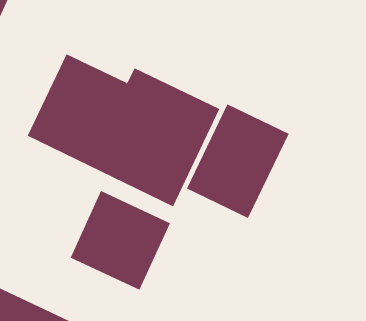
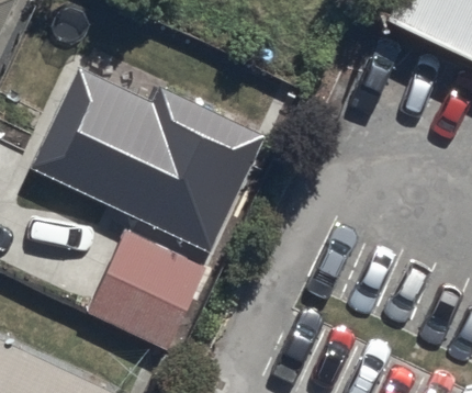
building: [186,104,290,219] -> none

